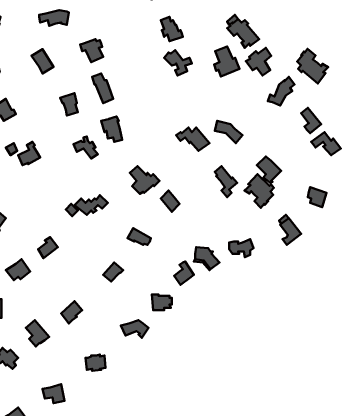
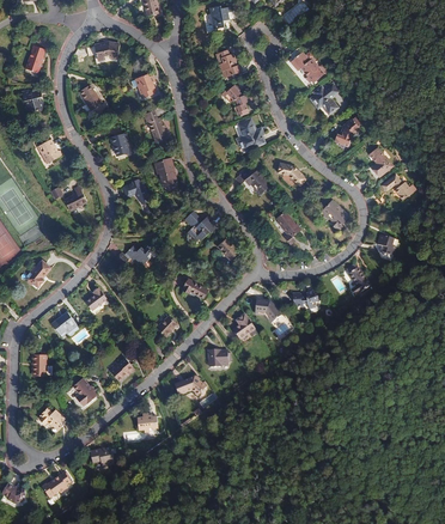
building: [214,47,239,77] -> [237,120,264,152]
building: [297,49,328,84] -> none
building: [245,174,274,208] -> none

